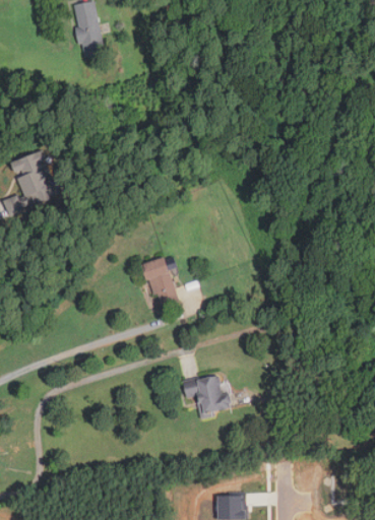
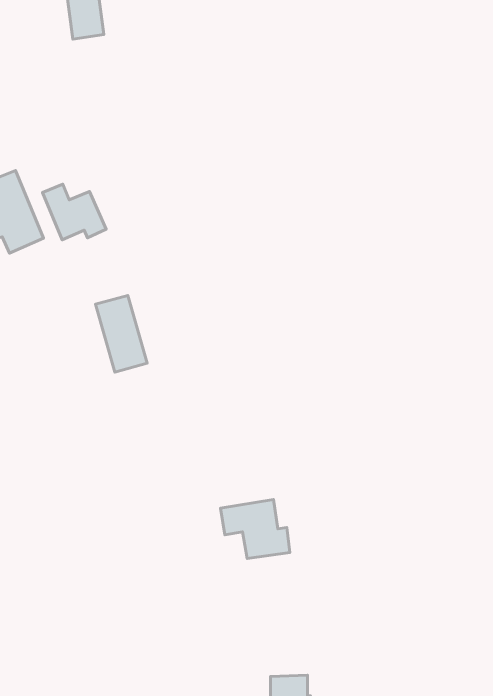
building: none -> [42,184,106,240]
building: [142,256,178,309] -> [95,295,147,372]

